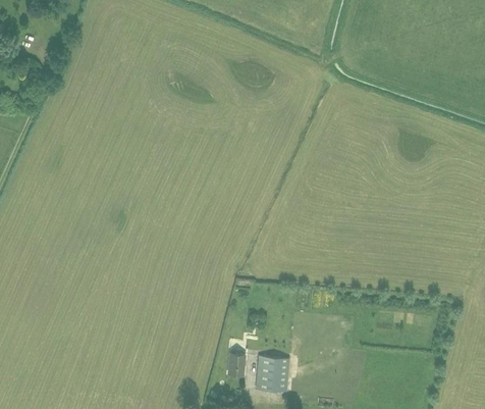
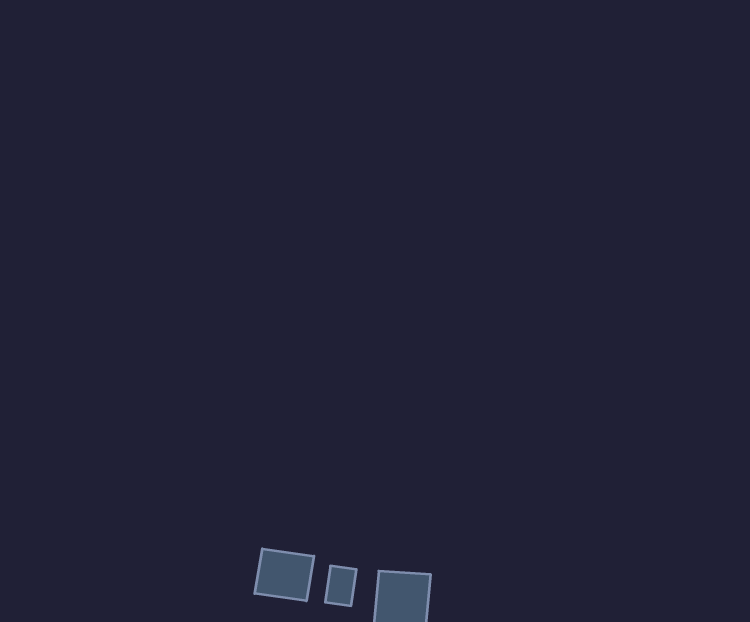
building: none -> [255,549,314,601]

